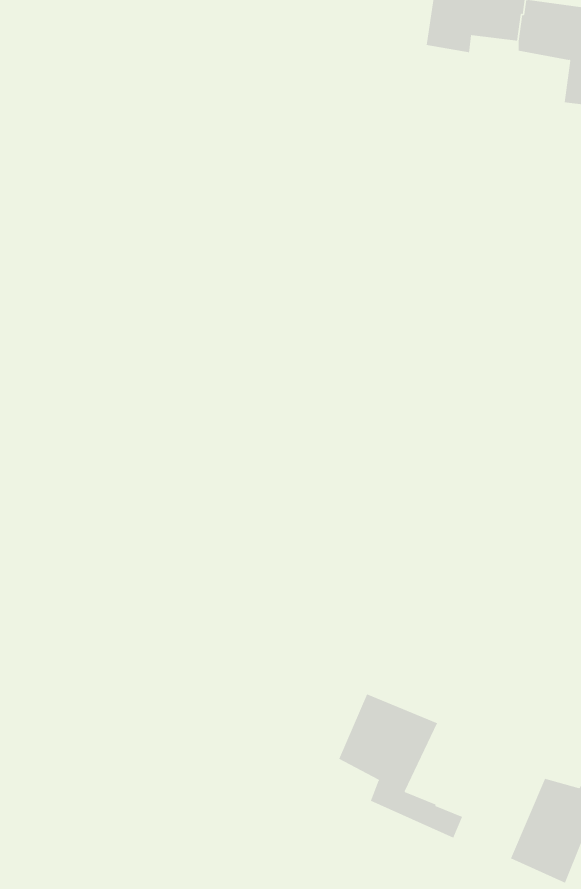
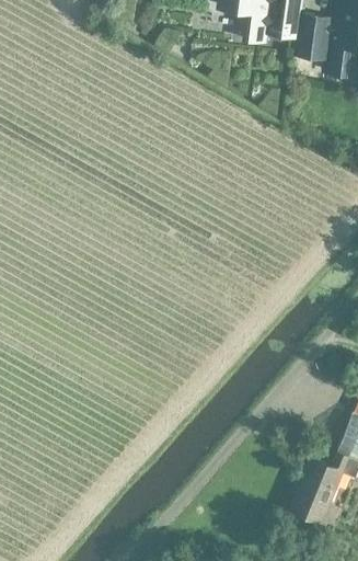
building: [339,693,463,838] -> none

